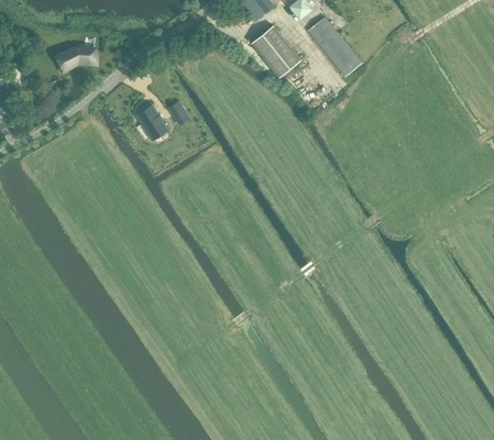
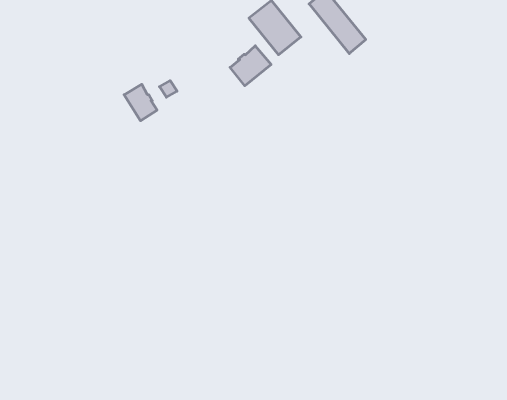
building: [55,46,98,70] -> none
building: none -> [230,46,271,86]

